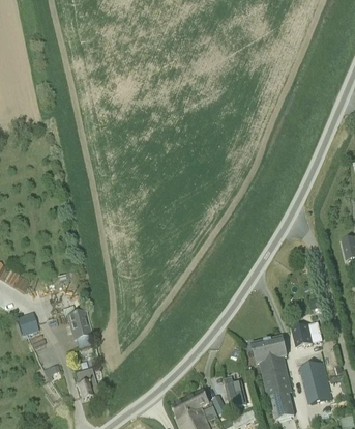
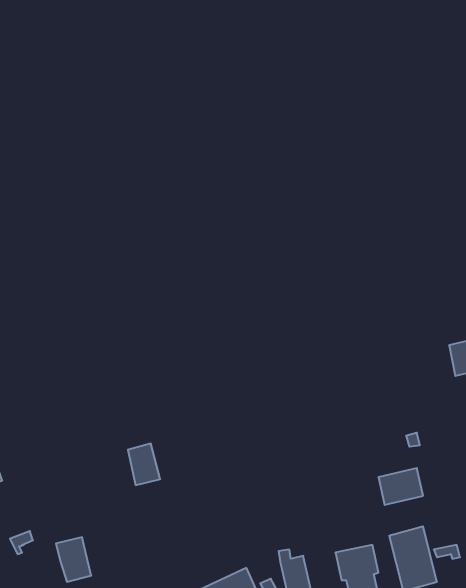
building: [68,311,90,339] -> [128,444,160,485]
building: [250,336,288,378] -> none

